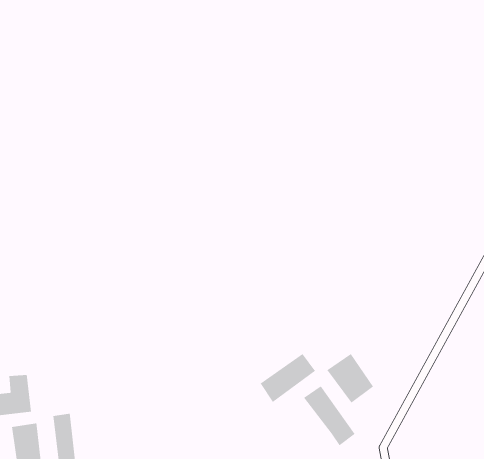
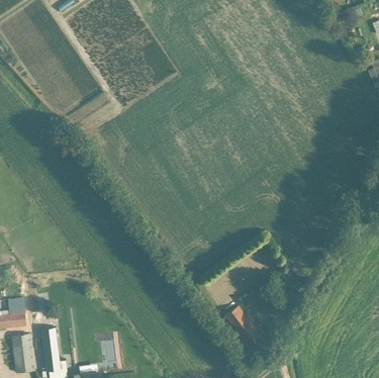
building: [327,353,374,403] -> none
building: [260,353,316,403] -> none

